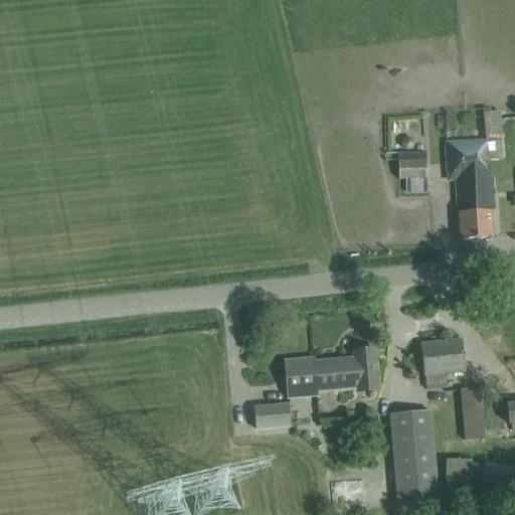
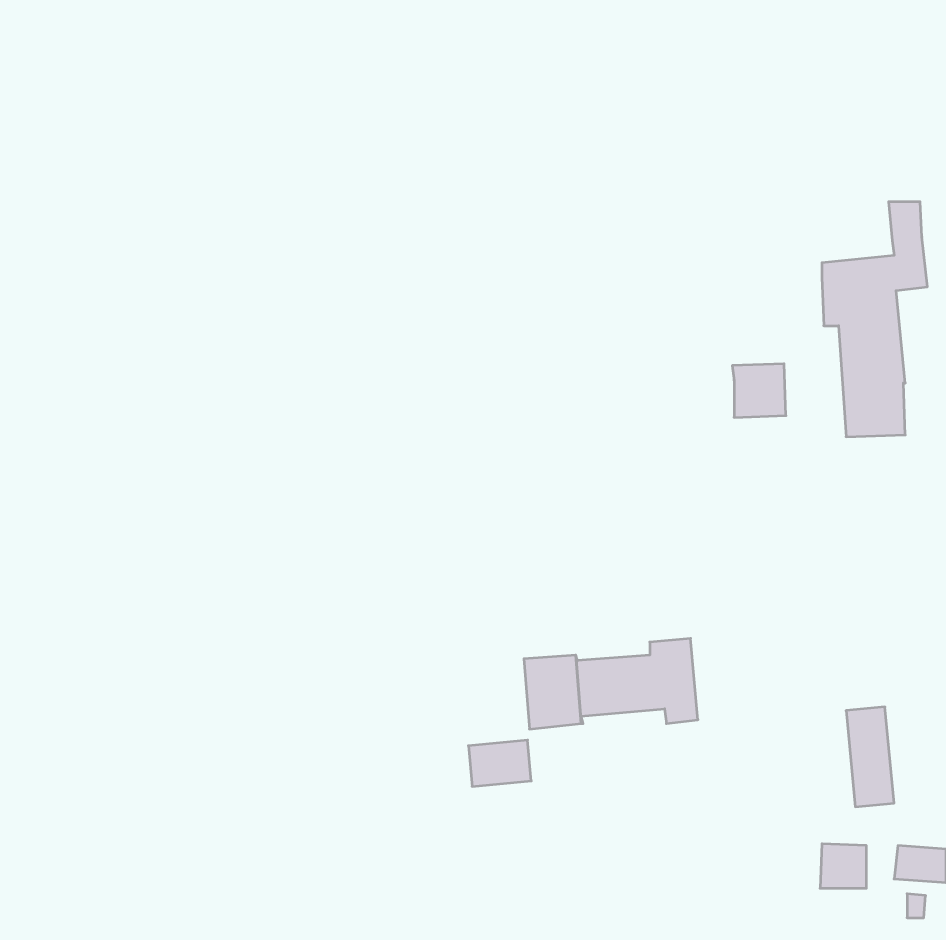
building: [397,148,426,177] -> [732,364,786,417]
building: [420,337,465,387] -> none
building: [391,409,437,507] -> none

